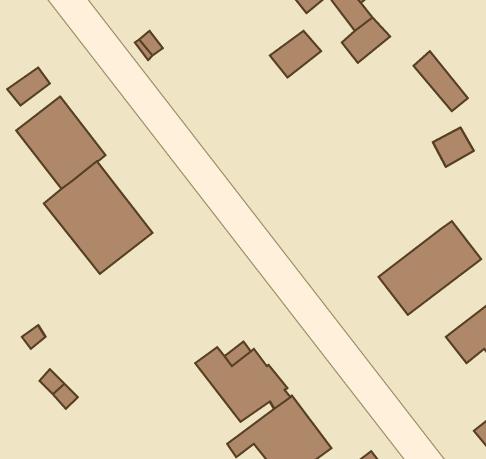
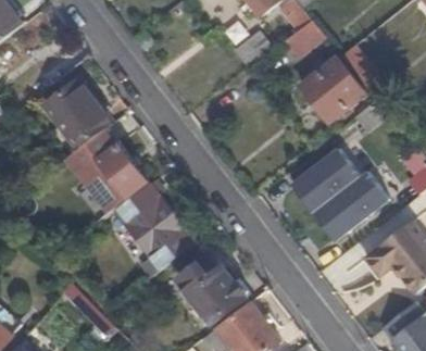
building: none -> [299,58,364,122]
building: none -> [292,151,360,213]
building: none -> [114,178,187,264]

